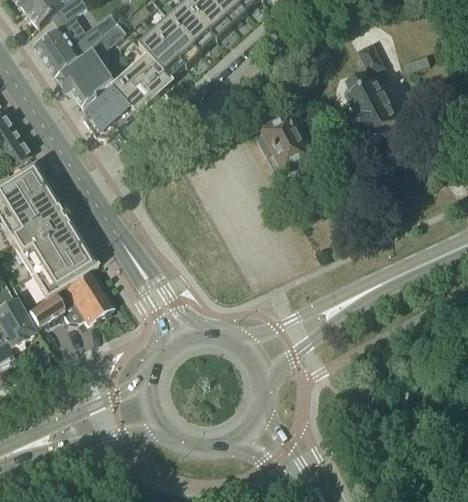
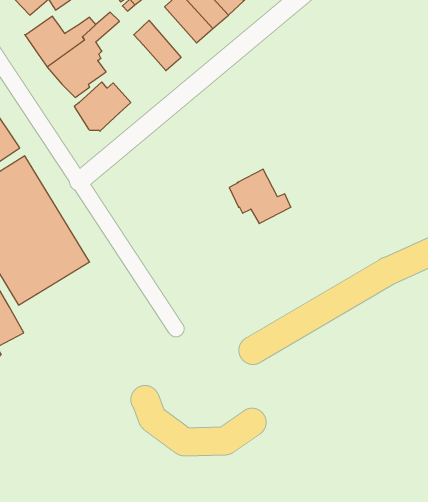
building: [155,16,201,65] -> none
building: [345,41,405,138] -> none
building: [115,53,171,109] -> none
building: [256,116,316,169] -> [229,169,291,224]
building: [26,270,113,326] -> none

